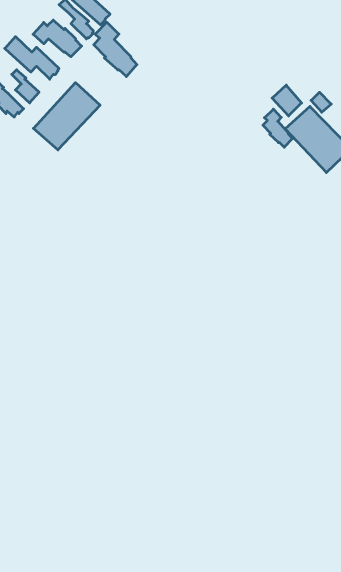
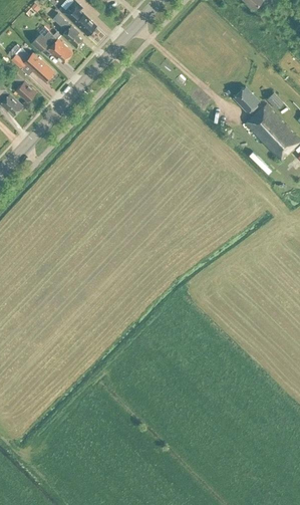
building: [94,22,137,77] -> none
building: [33,83,100,150] -> none
building: [263,109,292,147] -> none

